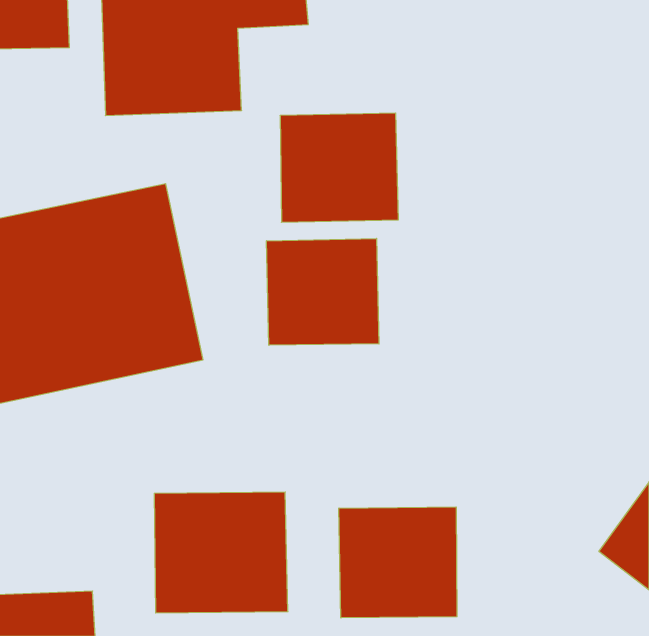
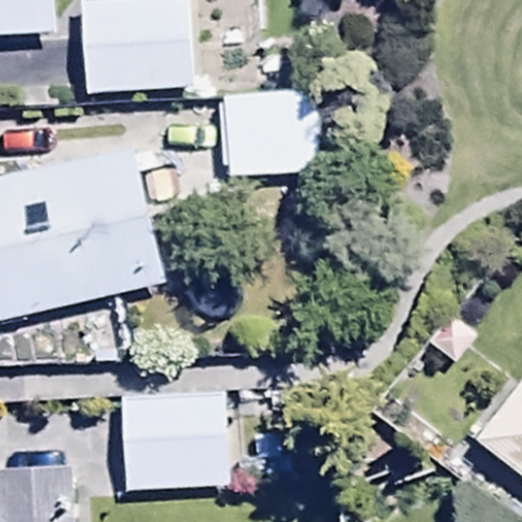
building: [267,238,379,345] -> none
building: [339,507,457,618] -> none

